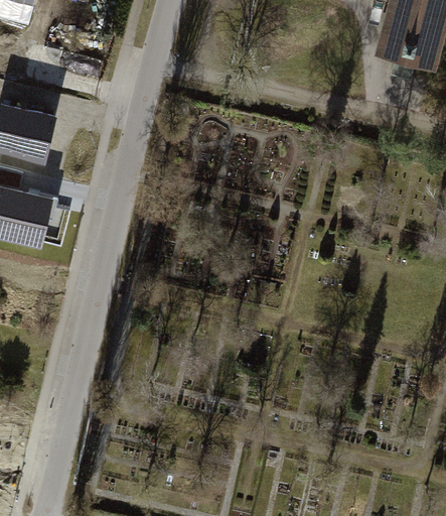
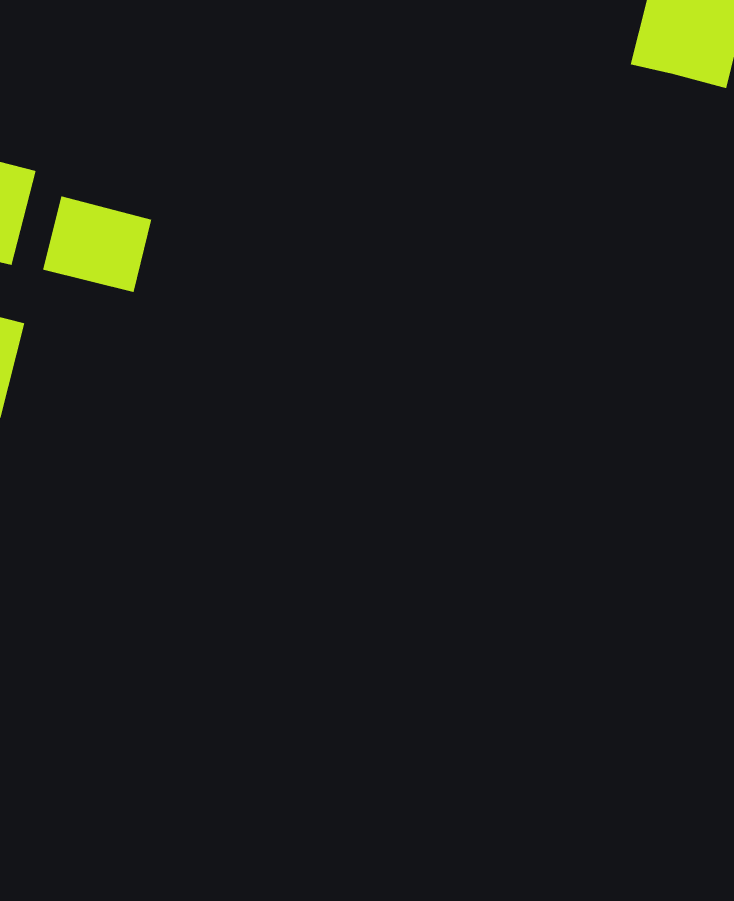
building: none -> [43,195,152,293]

